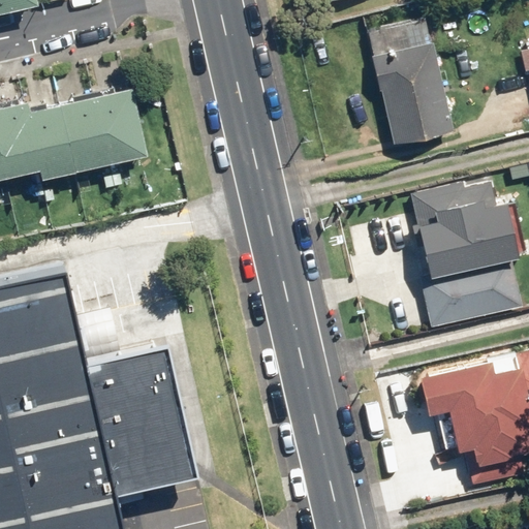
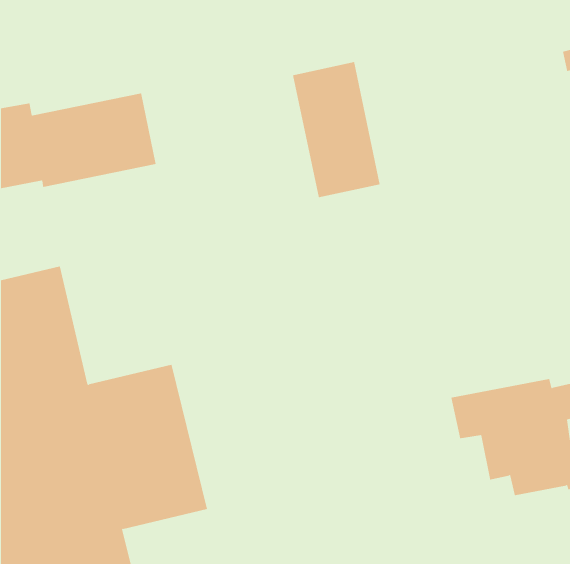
building: [368,21,449,147] -> [292,62,381,198]
building: [412,184,524,331] -> none

